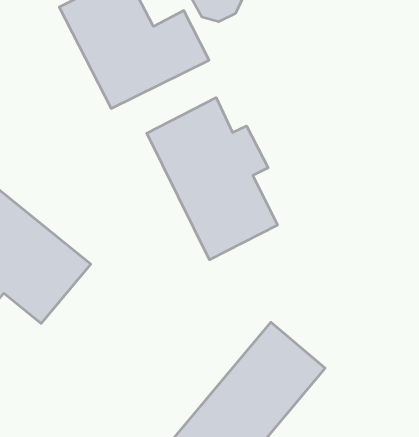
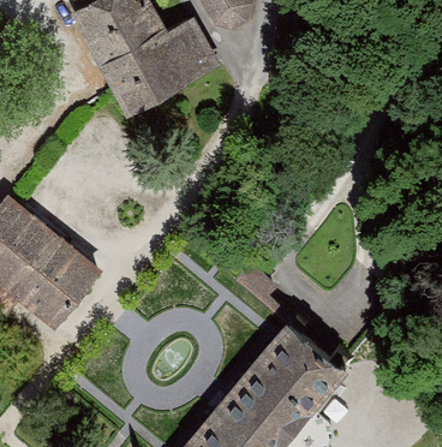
building: [147,98,277,260] -> none

